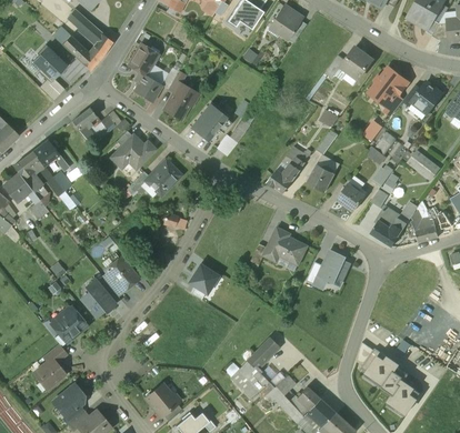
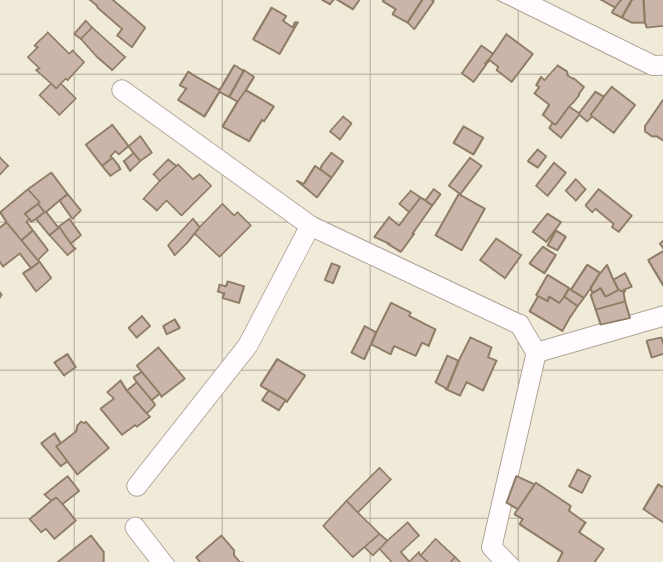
building: [128,44,158,75] -> [253,8,298,54]
building: [192,103,232,142] -> none

